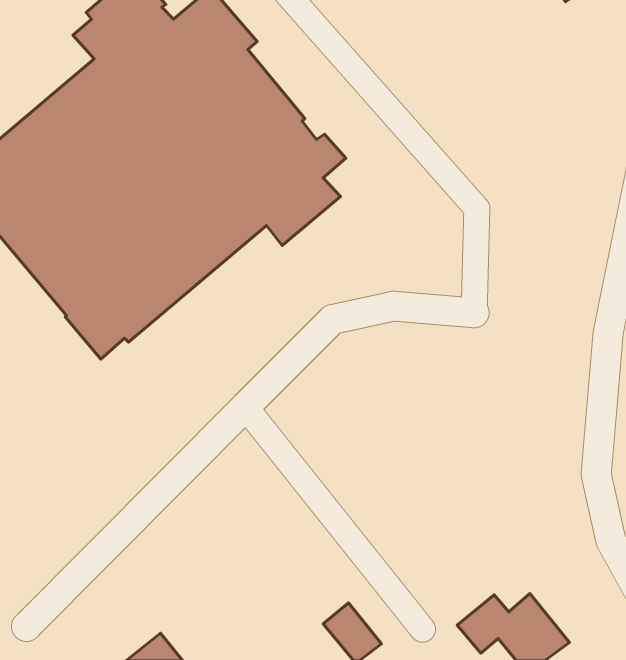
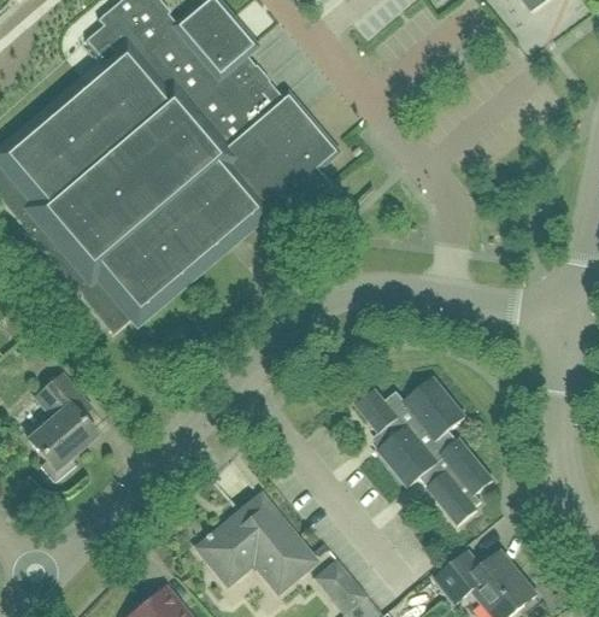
building: none -> [25,372,95,481]
building: none -> [357,376,494,524]
building: none -> [196,493,315,592]

